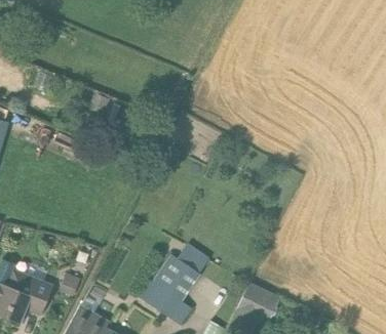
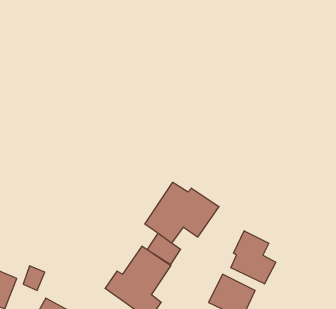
building: none -> [145,182,219,243]
building: none -> [231,231,276,284]

